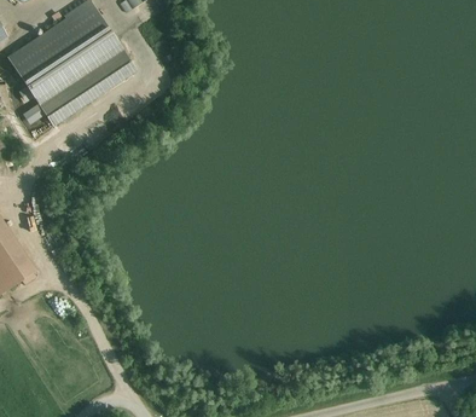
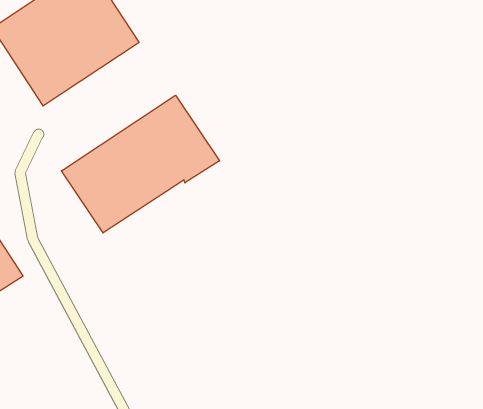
building: none -> [61,95,220,233]

